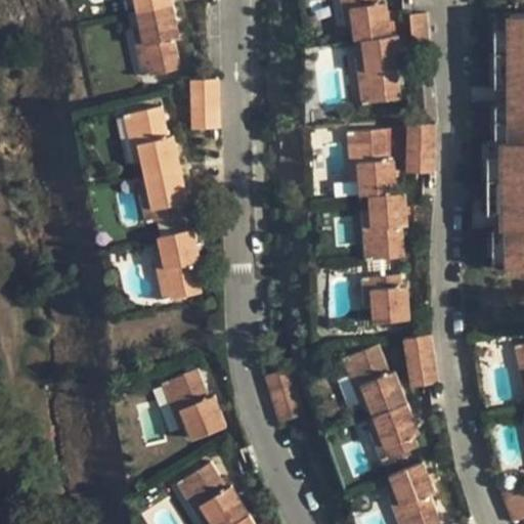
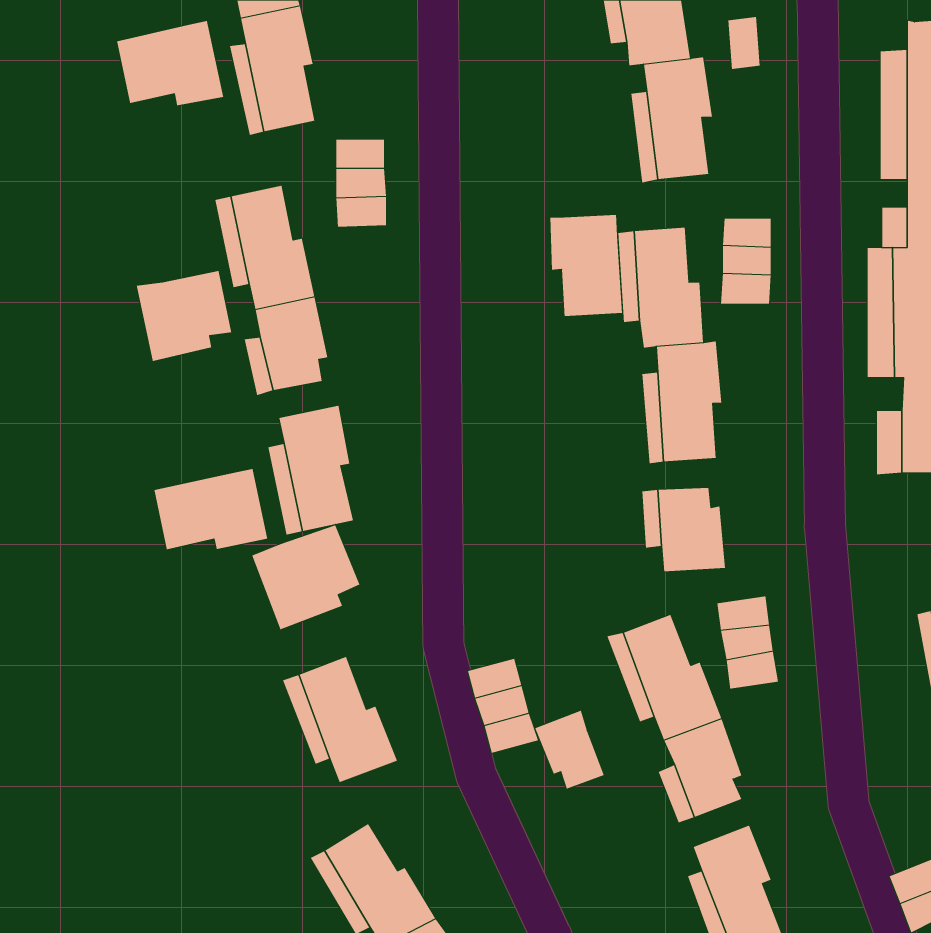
building: none -> [117,20,224,106]
building: none -> [550,214,623,317]
building: none -> [136,270,232,362]
building: none -> [154,468,268,550]
building: none -> [251,524,360,630]
building: none -> [535,710,604,790]

